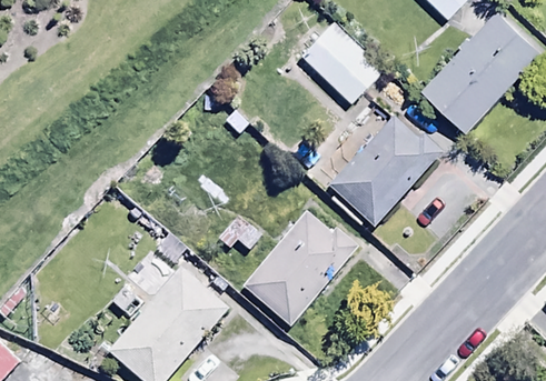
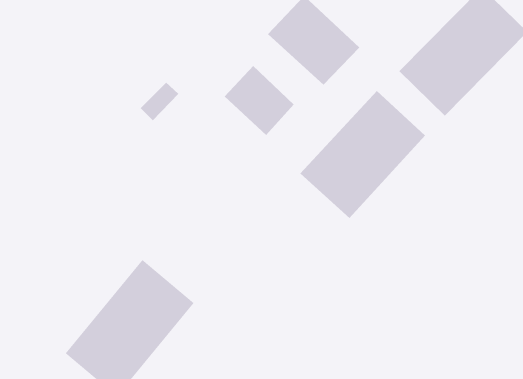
building: none -> [224,65,294,136]
building: [241,209,357,324] -> none

